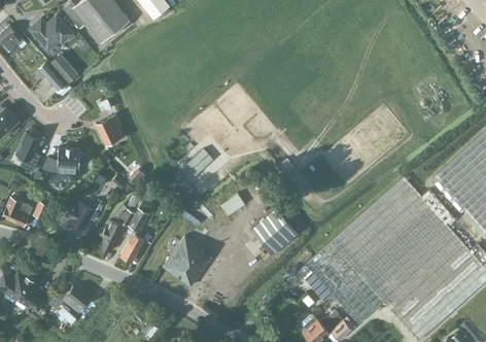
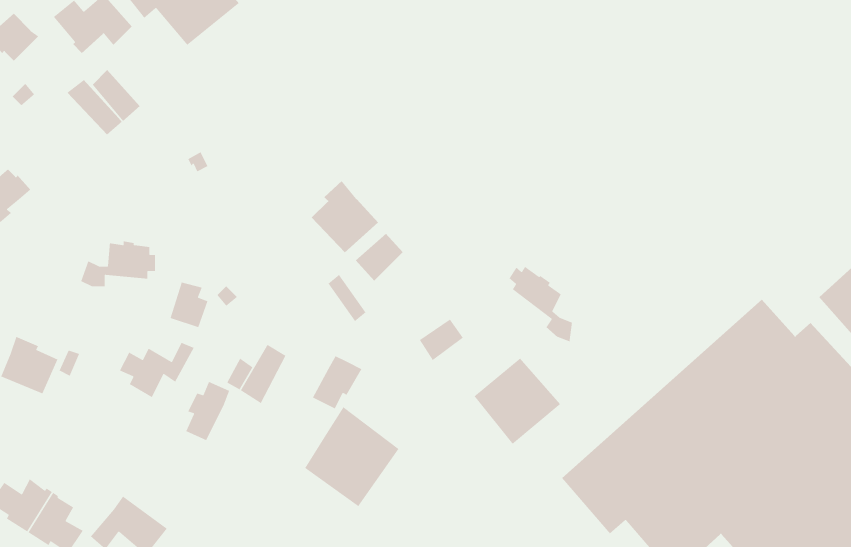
building: none -> [311,180,379,253]
building: [96,114,121,145] -> none
building: [16,132,41,171] -> none
building: none -> [509,266,573,342]
building: [120,233,147,262] -> [312,355,363,410]

